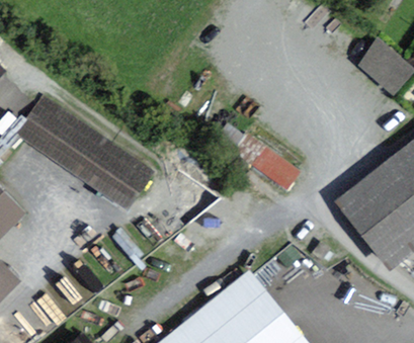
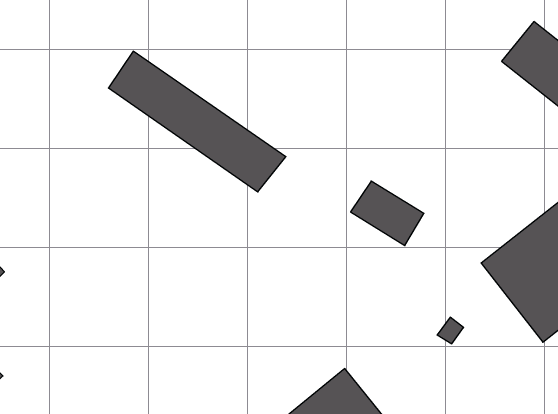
building: [26,102,149,199] -> [108,51,286,192]

